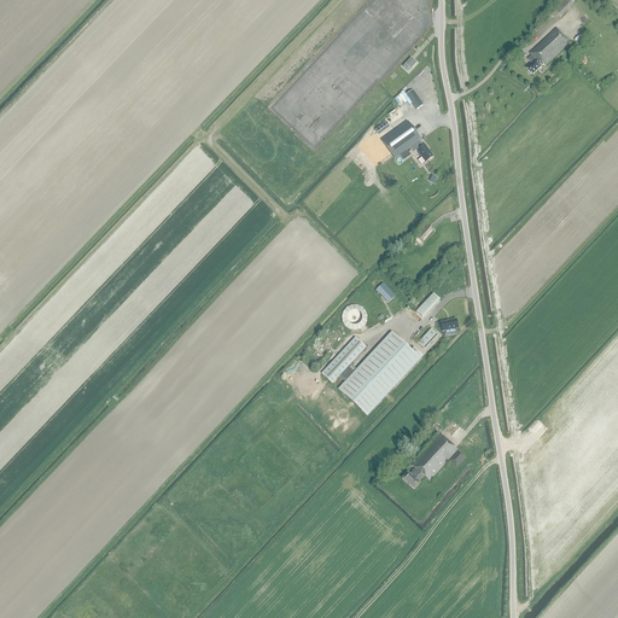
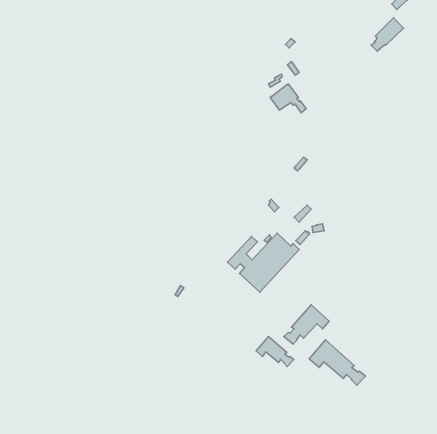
building: none -> [256,336,294,366]
building: none -> [309,340,366,385]

